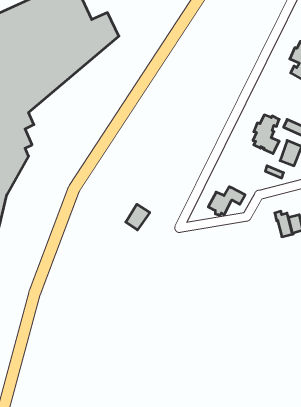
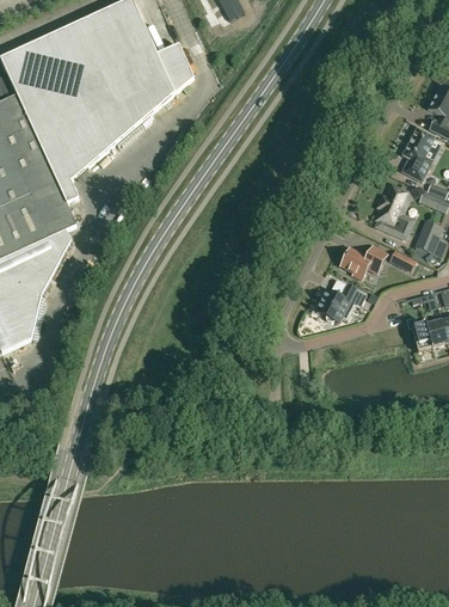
building: none -> [402,125,436,180]
building: none -> [340,243,389,277]
building: [126,204,150,230] -> none

